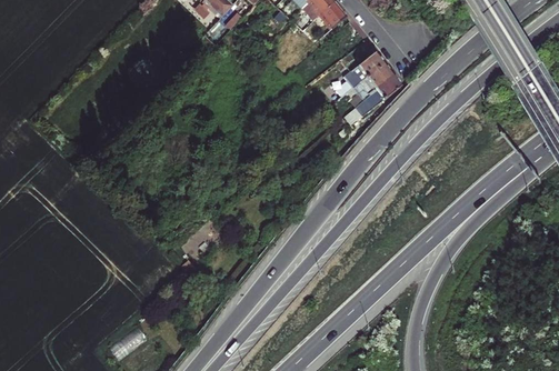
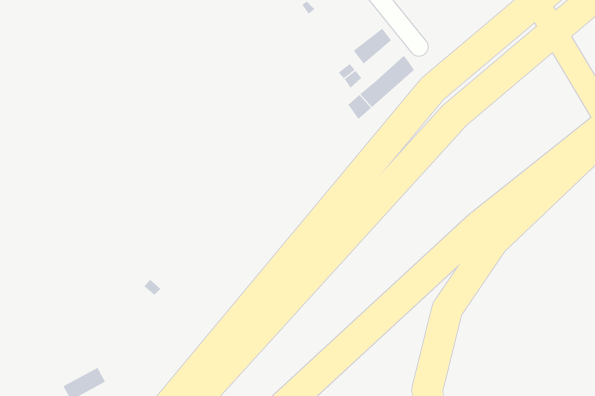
building: [359,63,392,97] -> none

